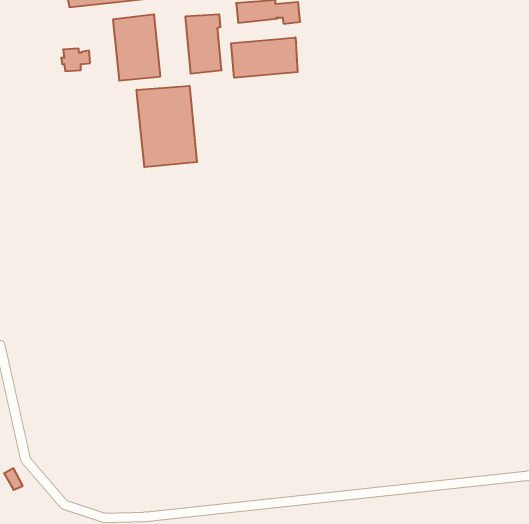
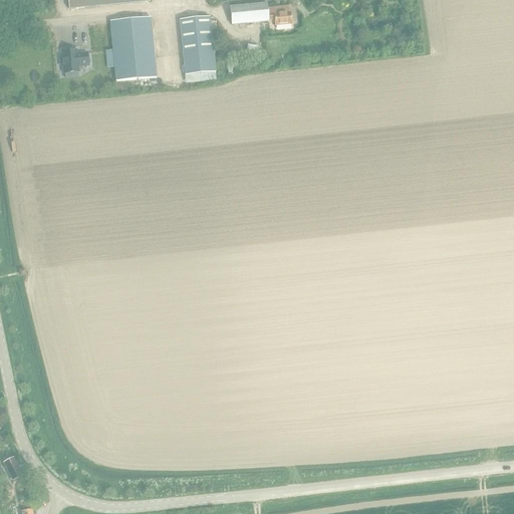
building: [231,37,298,78] -> none
building: [137,86,197,167] -> none

